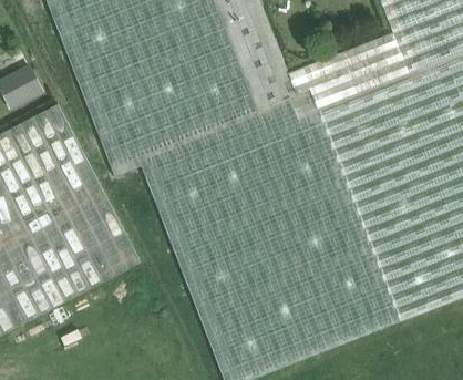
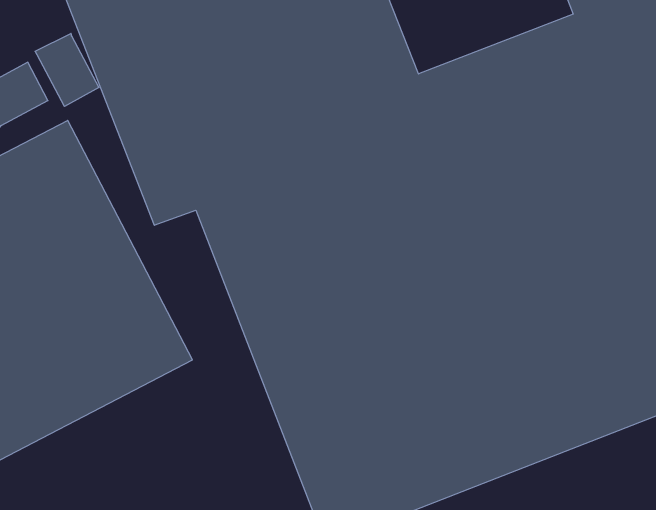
building: none -> [35,33,99,106]

